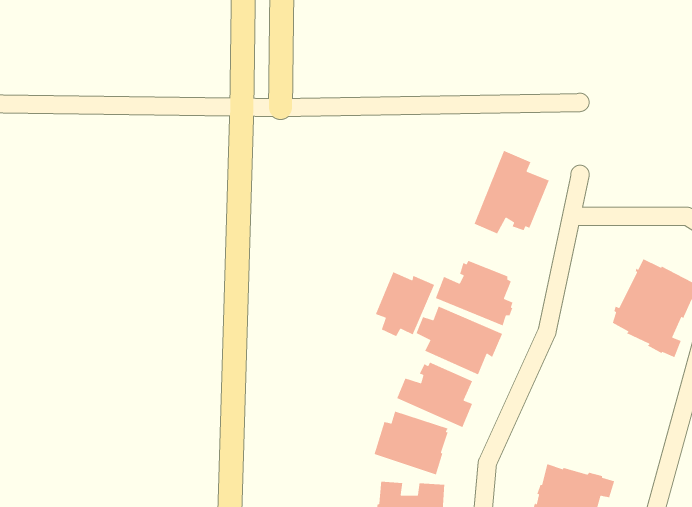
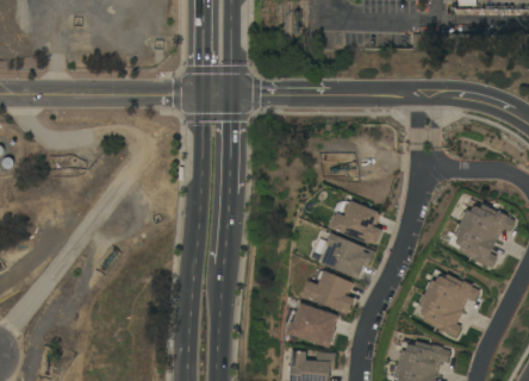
building: [474,150,550,234] -> none
building: [375,271,435,337] -> none
building: none -> [413,270,480,338]

